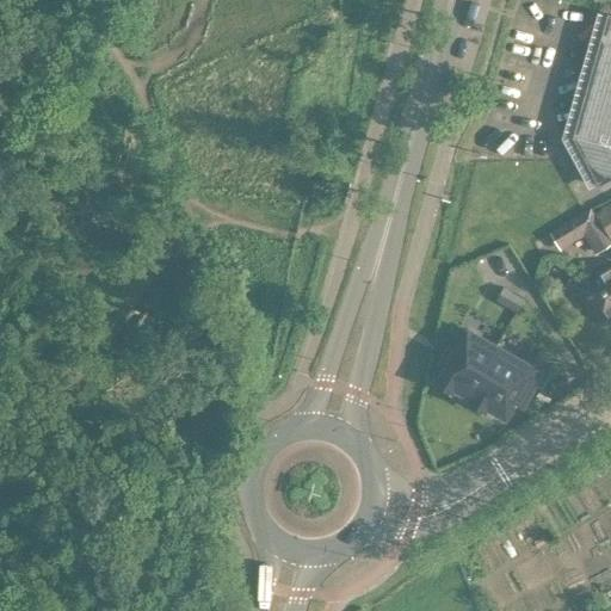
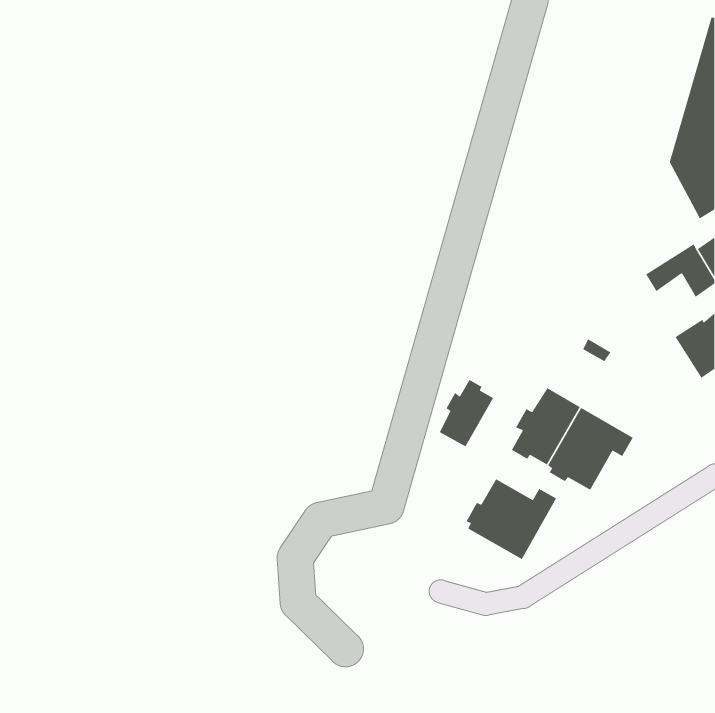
building: none -> [439,379,494,448]
building: none -> [466,478,557,560]

